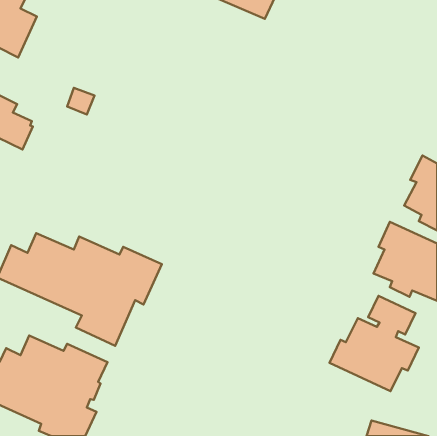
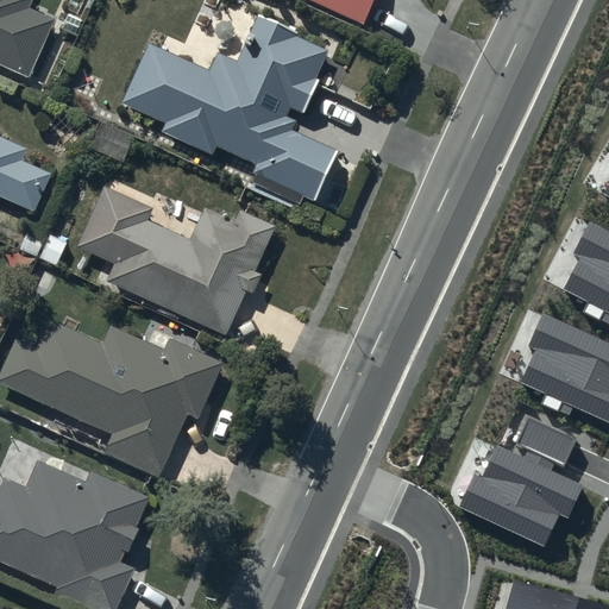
building: none -> [125,15,339,203]
building: none -> [80,189,276,337]

